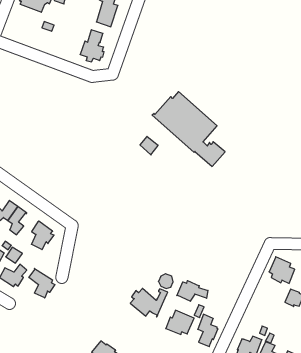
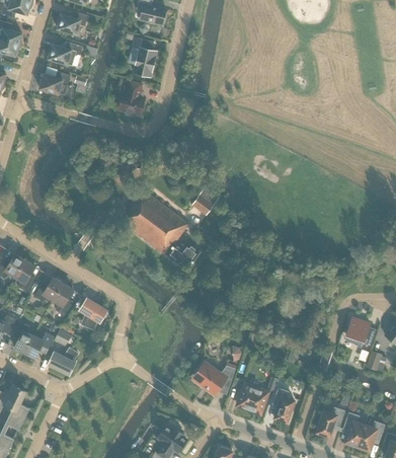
building: none -> [39,71,70,94]
building: [152,92,225,166] -> [115,189,200,270]
building: [29,268,55,298] -> none
building: [177,281,208,301] -> none

